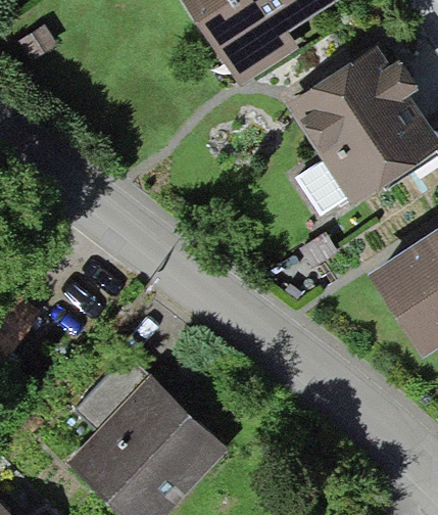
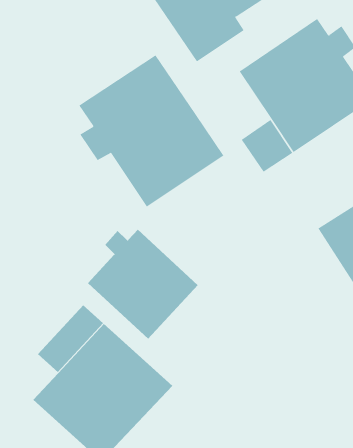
building: none -> [79,54,224,207]
building: none -> [87,229,198,339]

